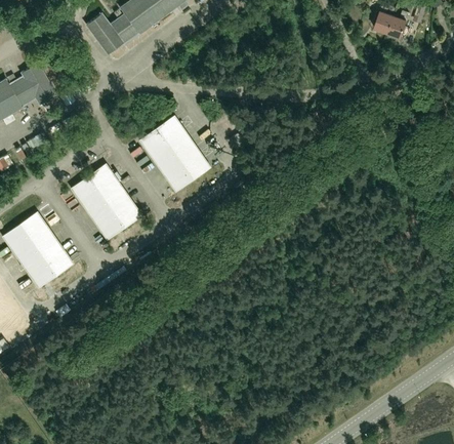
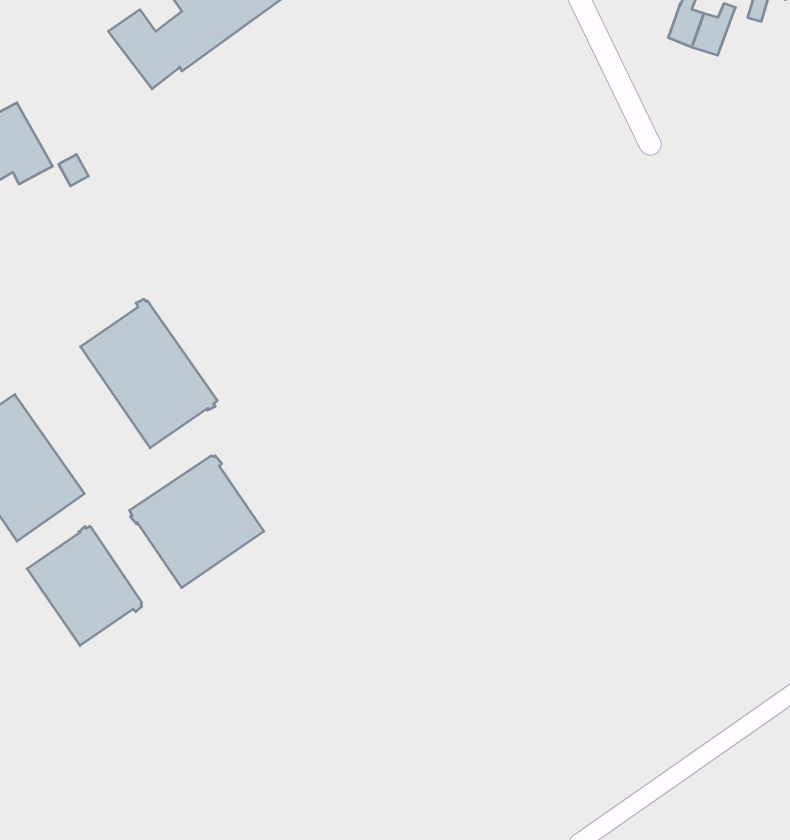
building: [139,116,210,192] -> none
building: none -> [130,456,264,588]
building: none -> [27,526,142,646]

